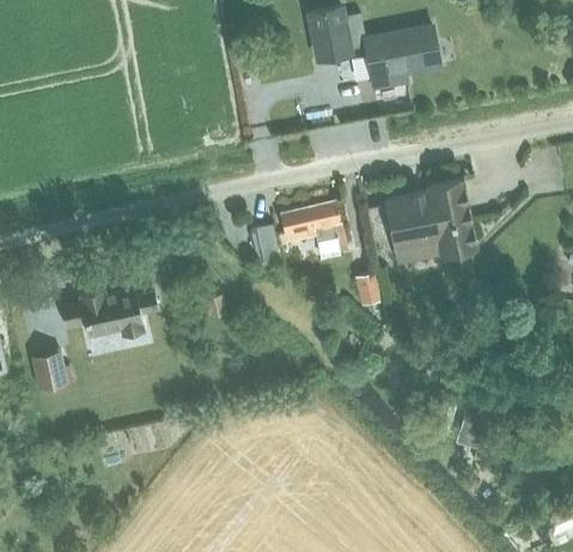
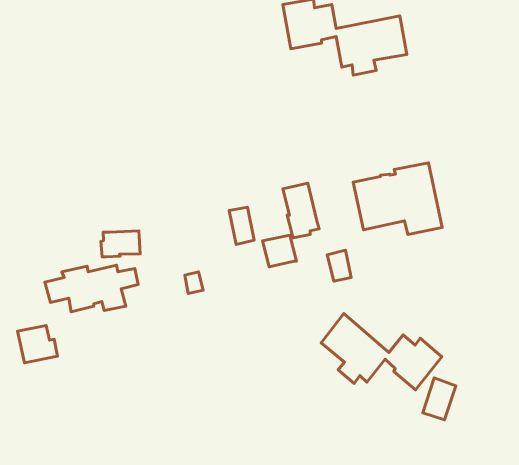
building: [280,208,316,242] -> [262,235,297,267]
building: none -> [101,231,140,257]
building: none -> [321,314,442,390]

